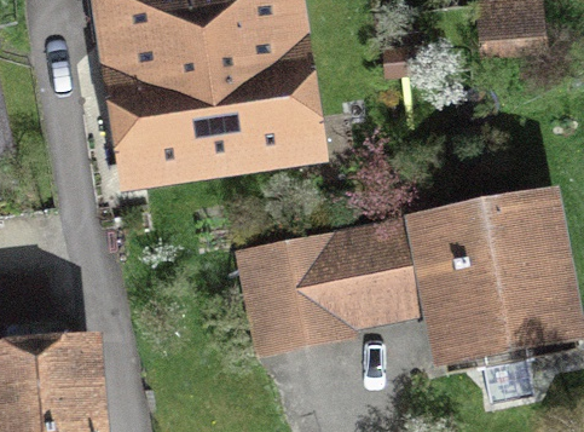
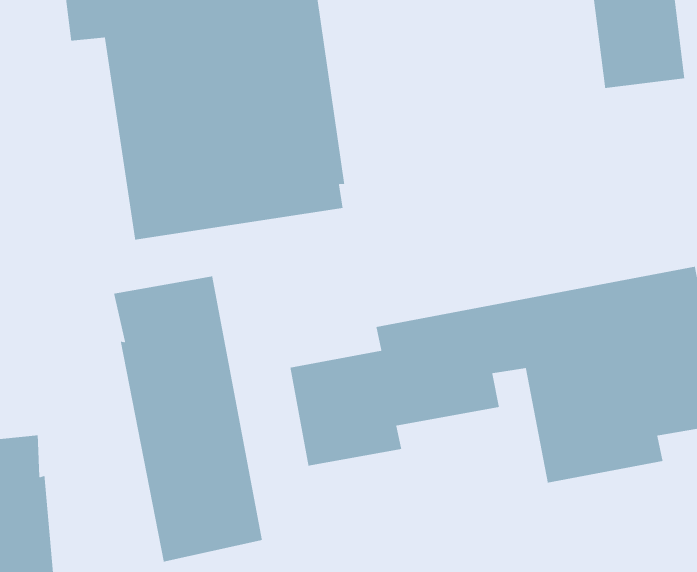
building: none -> [113,275,263,563]

